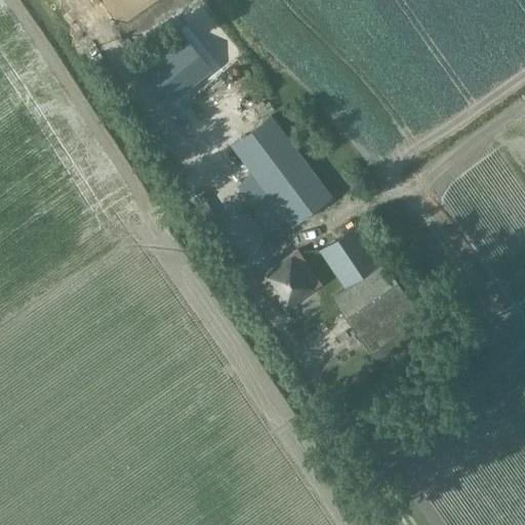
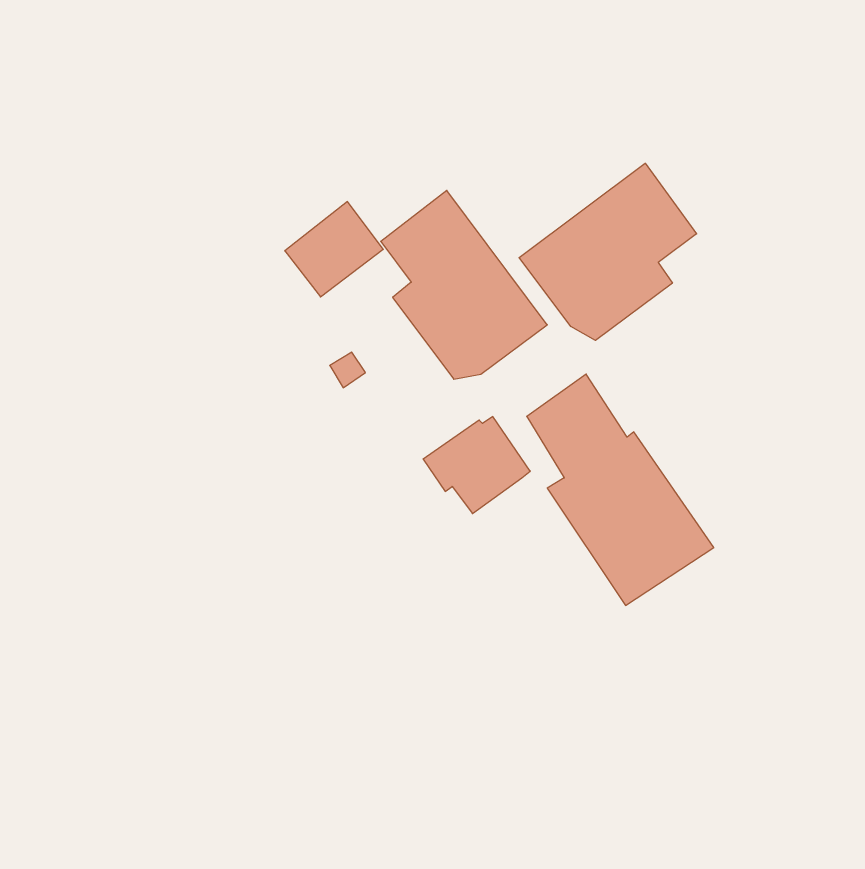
building: [151,41,210,98] -> [285,202,383,297]
building: none -> [519,163,697,340]

